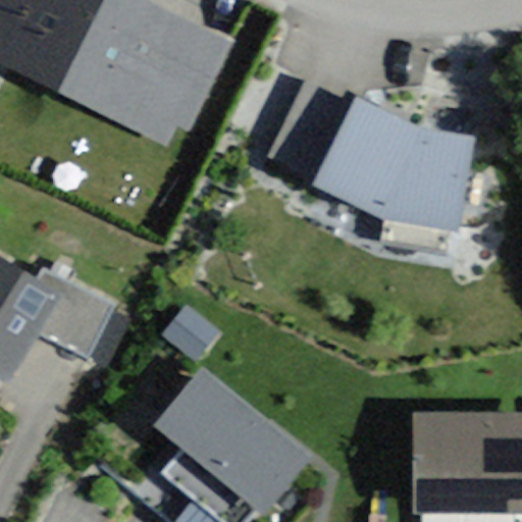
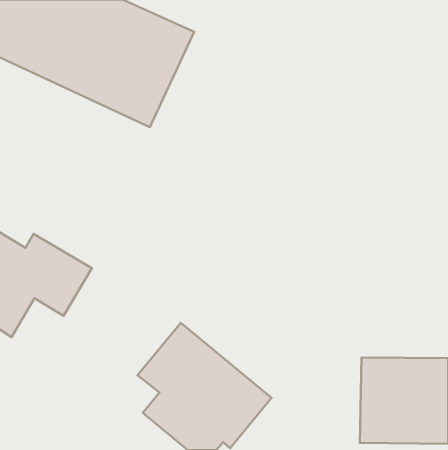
building: [265,75,480,227] -> none

